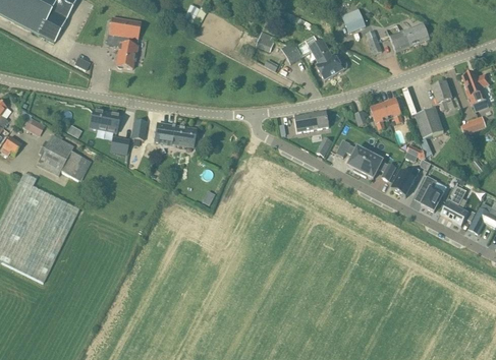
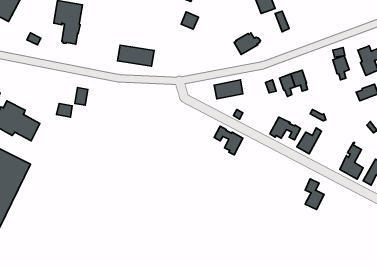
building: [388,23,431,51] -> none
building: [281,35,334,64] -> none
building: [416,108,444,138] -> none
building: [89,110,120,132] -> none
building: [155,123,198,147] -> [118,45,154,66]
building: [336,139,370,173] -> [214,126,243,155]
building: [421,175,443,211] -> [305,179,324,209]

